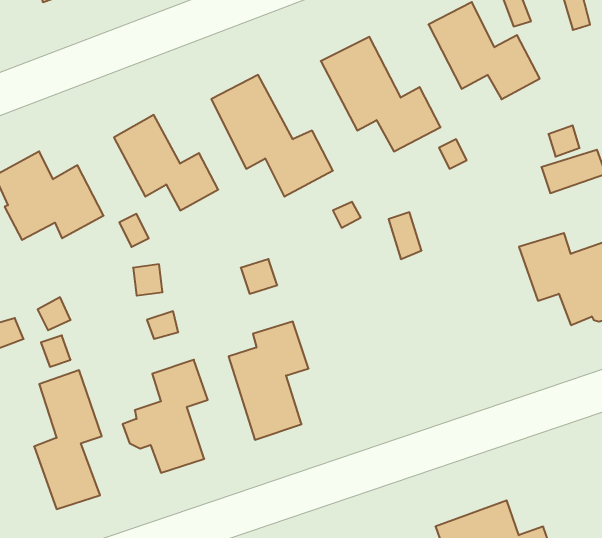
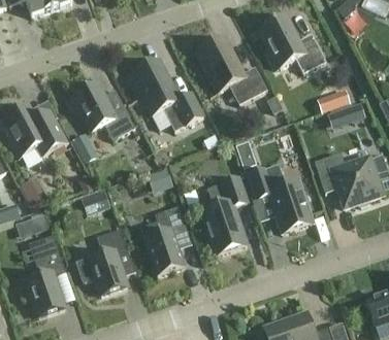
building: none -> [249,163,313,233]
building: none -> [201,176,247,256]

